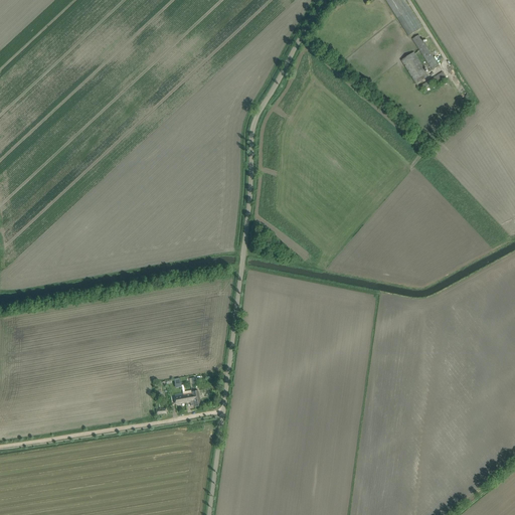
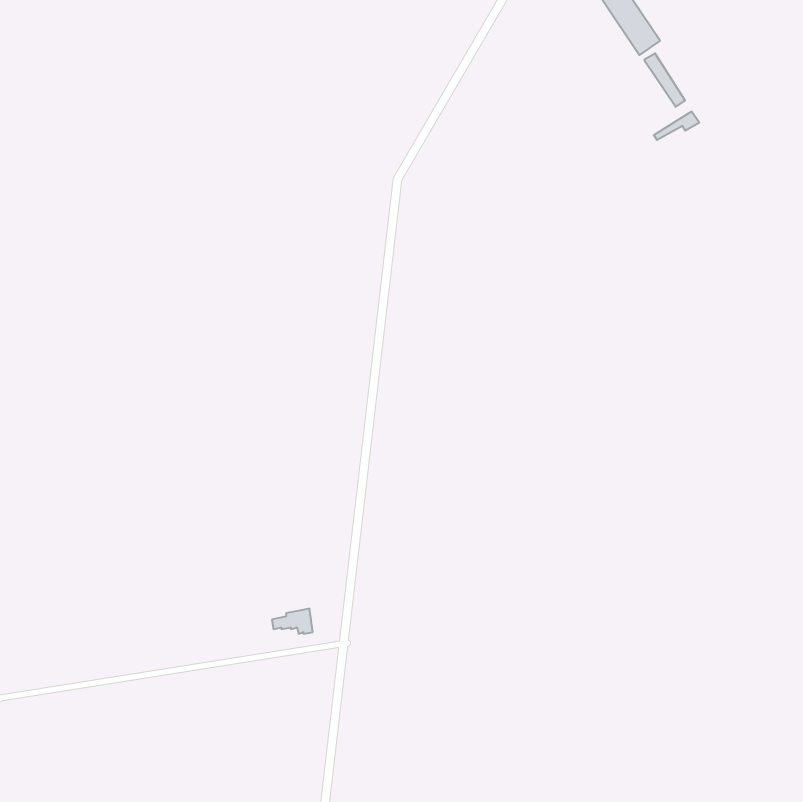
building: [401,51,427,83] -> none

